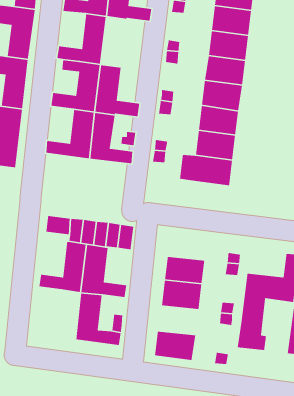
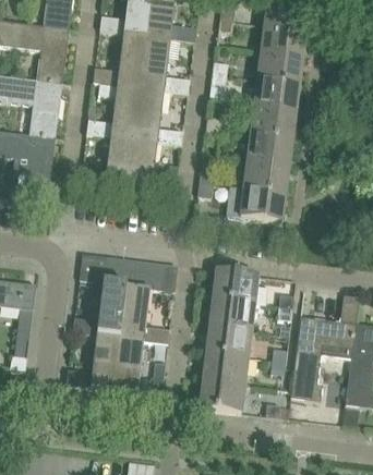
building: none -> [140,38,190,96]
building: none -> [213,271,257,304]
building: none -> [65,337,118,391]
building: none -> [202,354,248,386]

